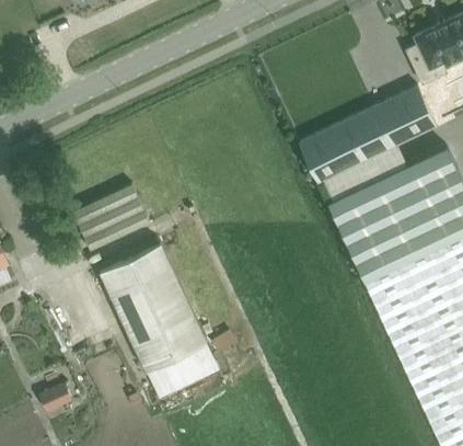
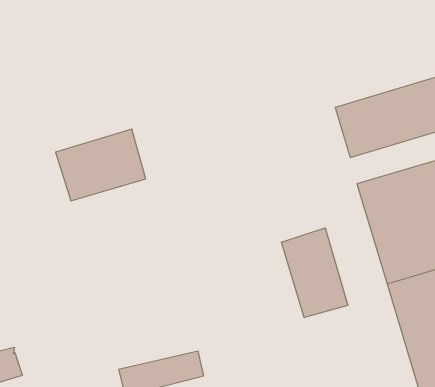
building: none -> [281,228,348,318]
building: [102,245,209,373] -> none

